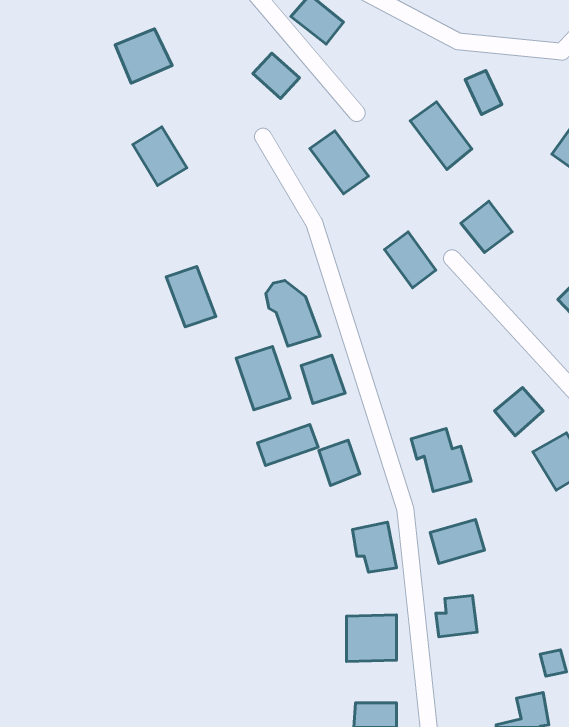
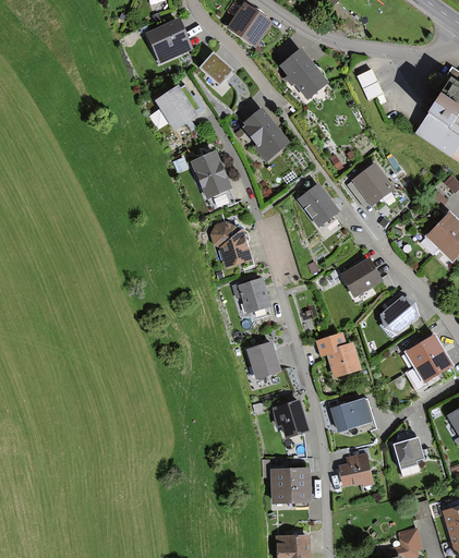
building: [115,29,172,83] -> [146,21,189,61]
building: [410,102,472,169] -> [278,51,324,101]
building: [133,127,187,185] -> [154,90,194,134]
building: [166,267,216,327] -> [189,155,226,199]
building: none -> [342,257,382,295]
building: [236,347,290,410] -> none
building: [257,424,318,465] -> none
building: none -> [394,435,423,466]

